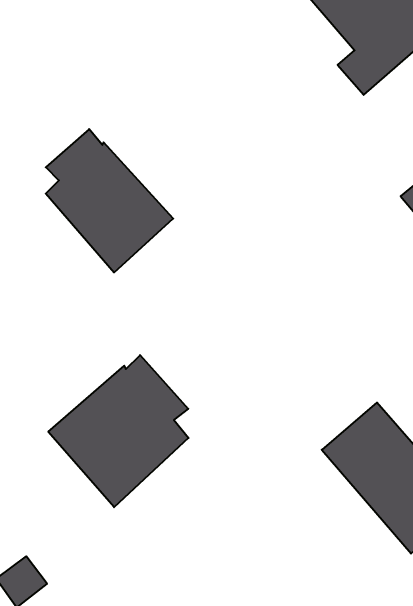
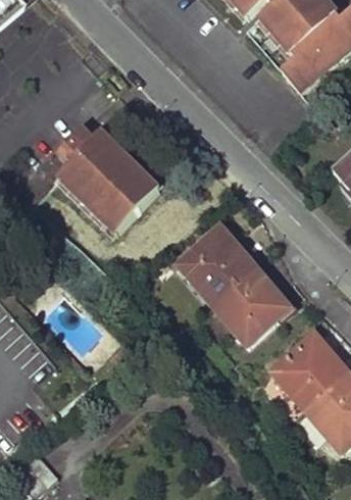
building: none -> [174,226,288,343]
building: [48,355,189,507] -> none

